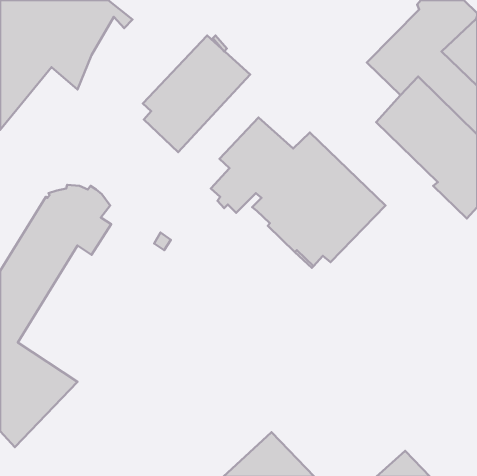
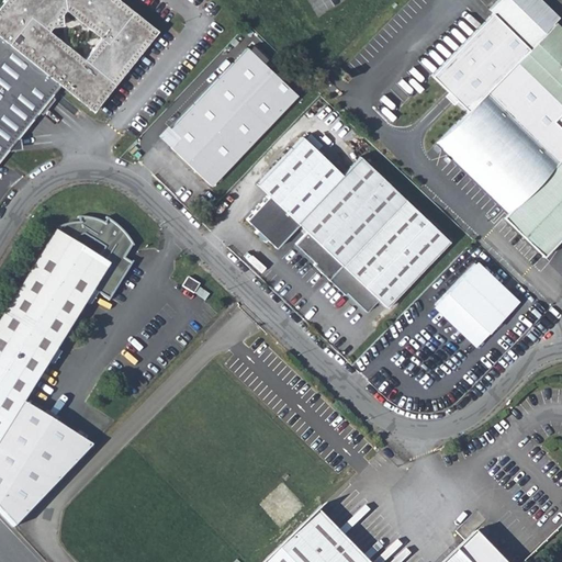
building: none -> [91,21,158,108]
building: none -> [435,261,524,349]

